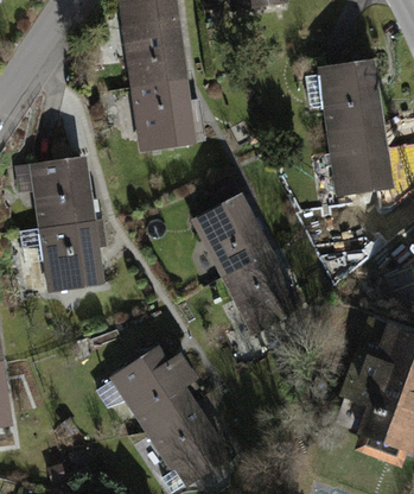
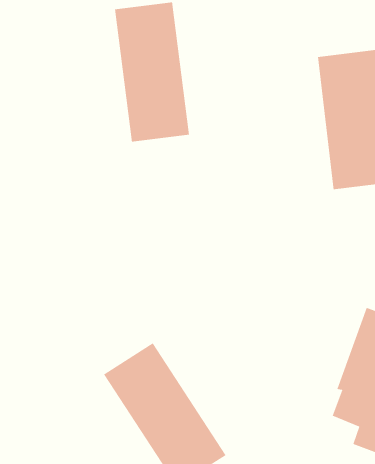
building: [31,157,104,293] -> none
building: [195,196,307,337] -> none

